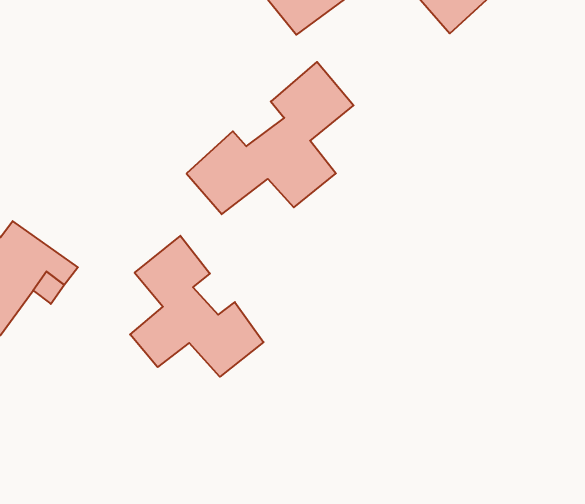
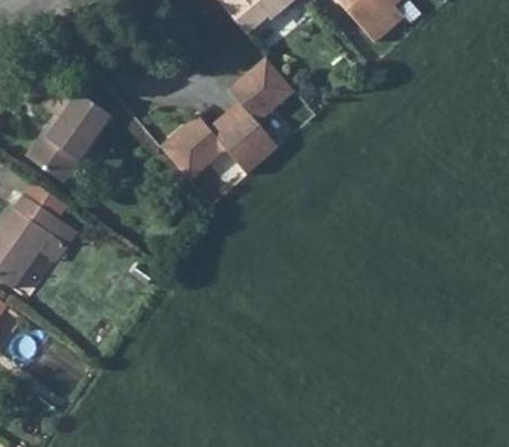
building: none -> [25,80,111,181]
building: [130,236,264,377] -> none

